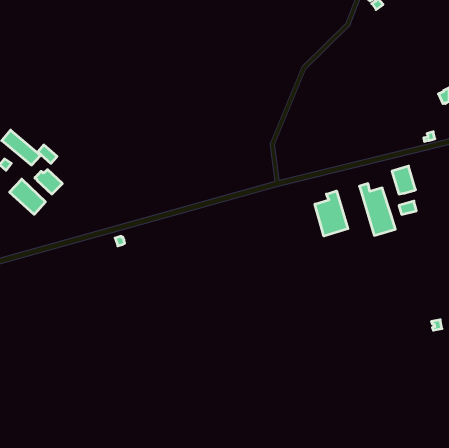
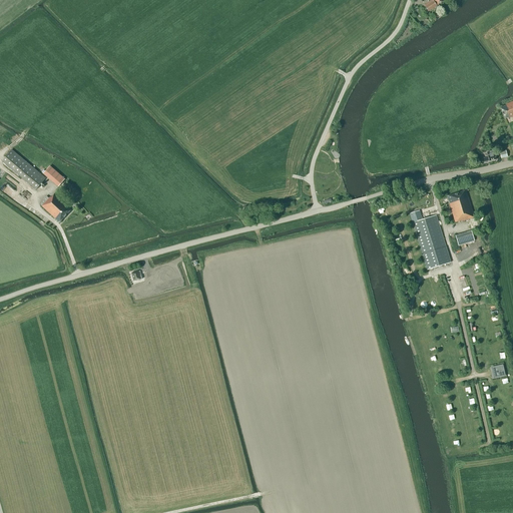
building: [10,179,45,214] -> none
building: [315,191,348,236] -> none

